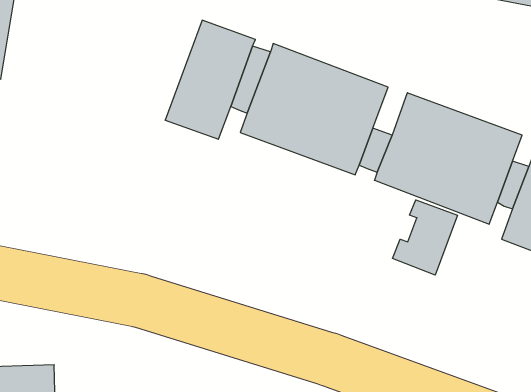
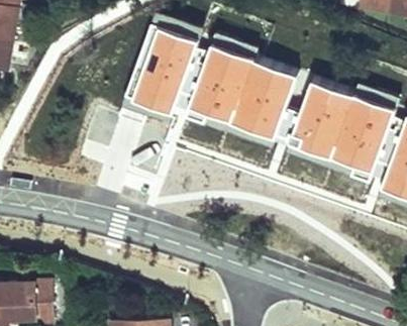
building: [393,200,458,275] -> none

